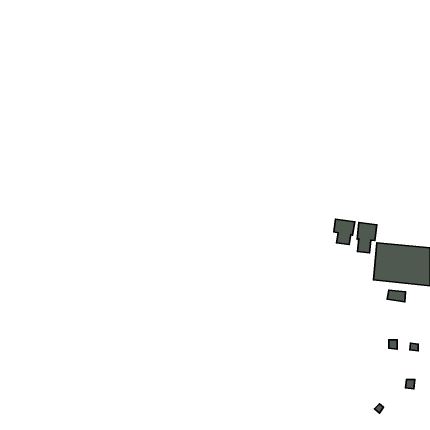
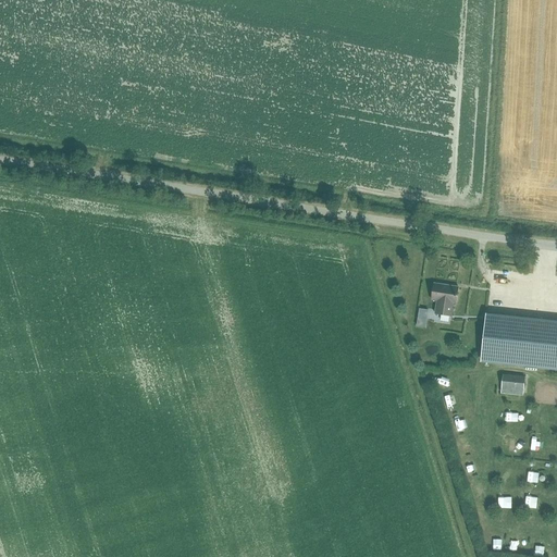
building: [357,222,377,253] -> none

